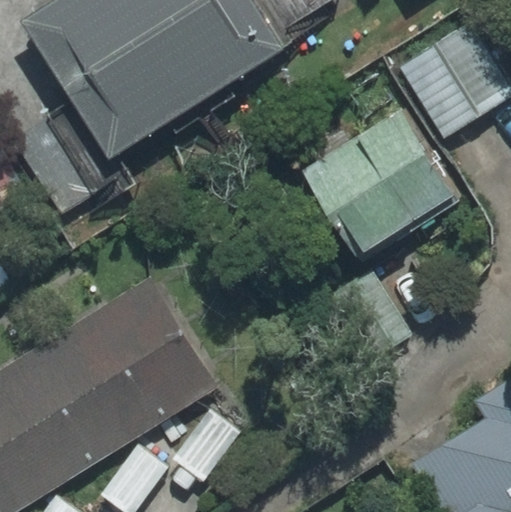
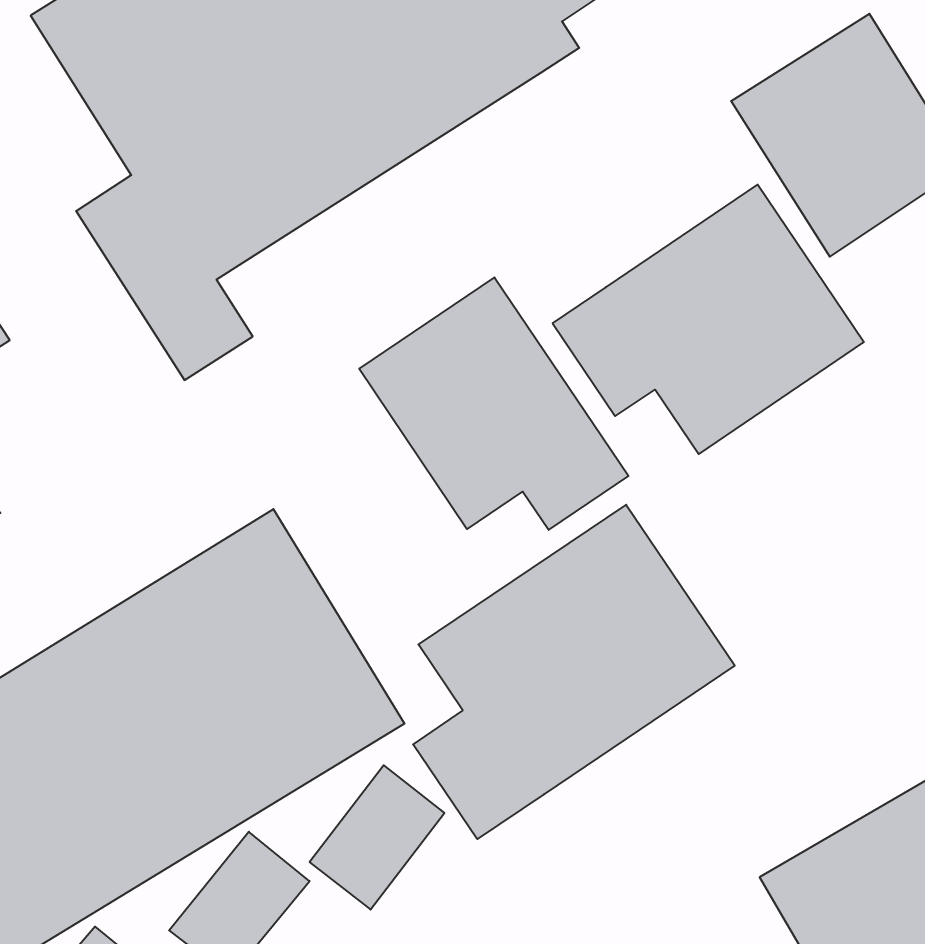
building: none -> [359,277,628,530]
building: none -> [413,505,735,839]

